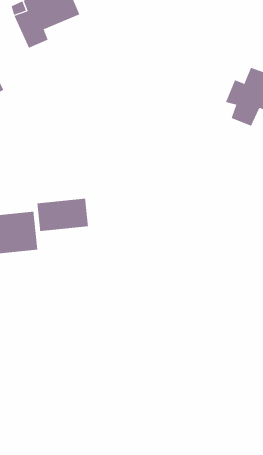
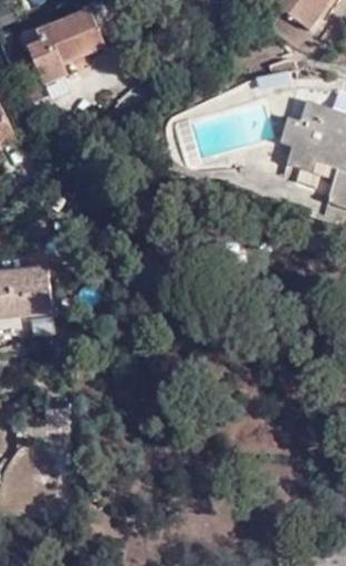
building: [37,198,88,232] -> none

